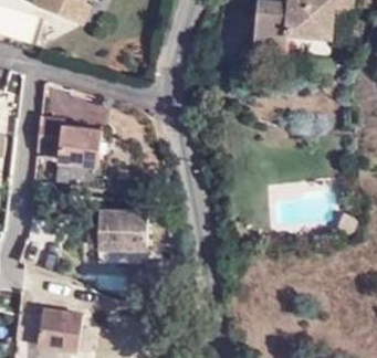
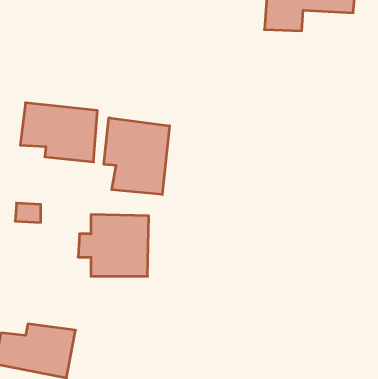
building: none -> [104,118,170,195]

